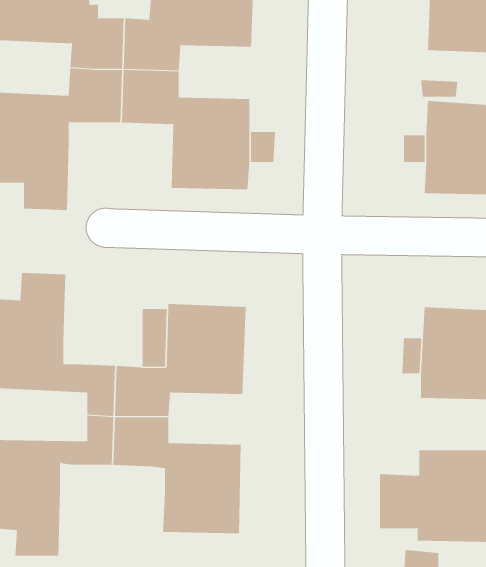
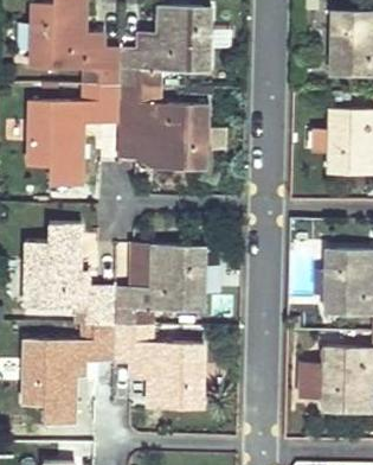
building: none -> [117,122,154,167]

